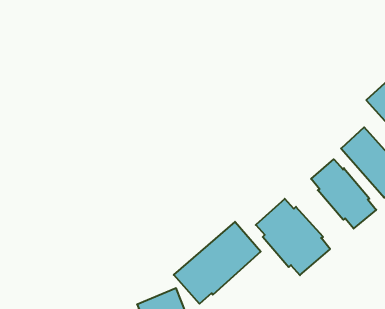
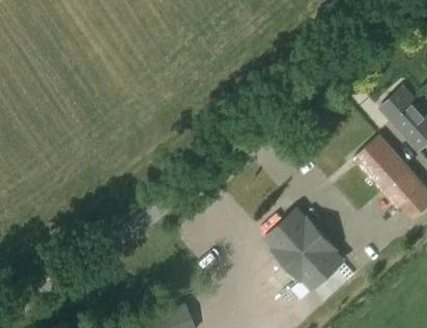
building: [311,159,376,229] -> none
building: [174,222,261,304] -> none

